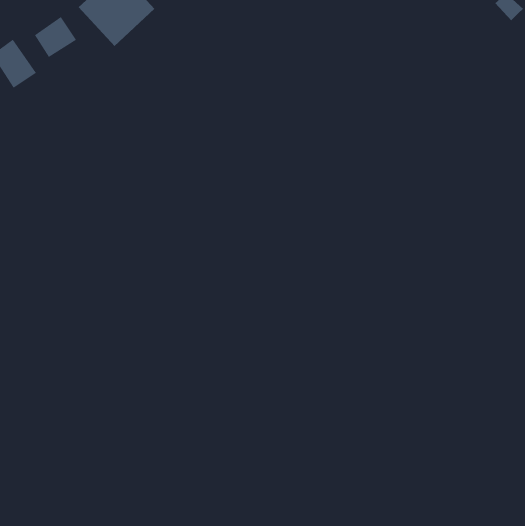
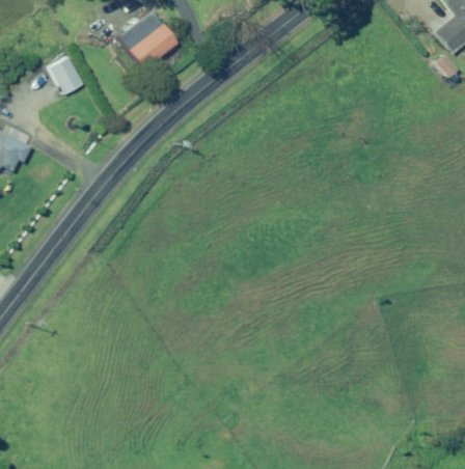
building: [34,16,77,58] -> none

